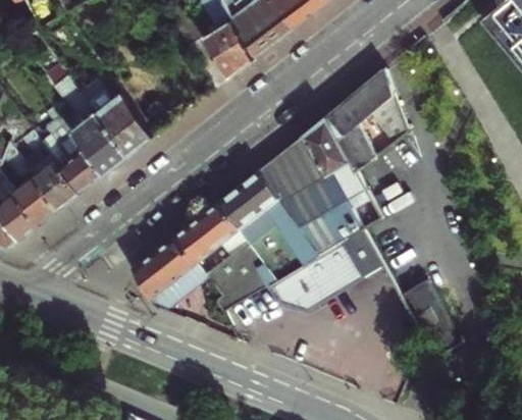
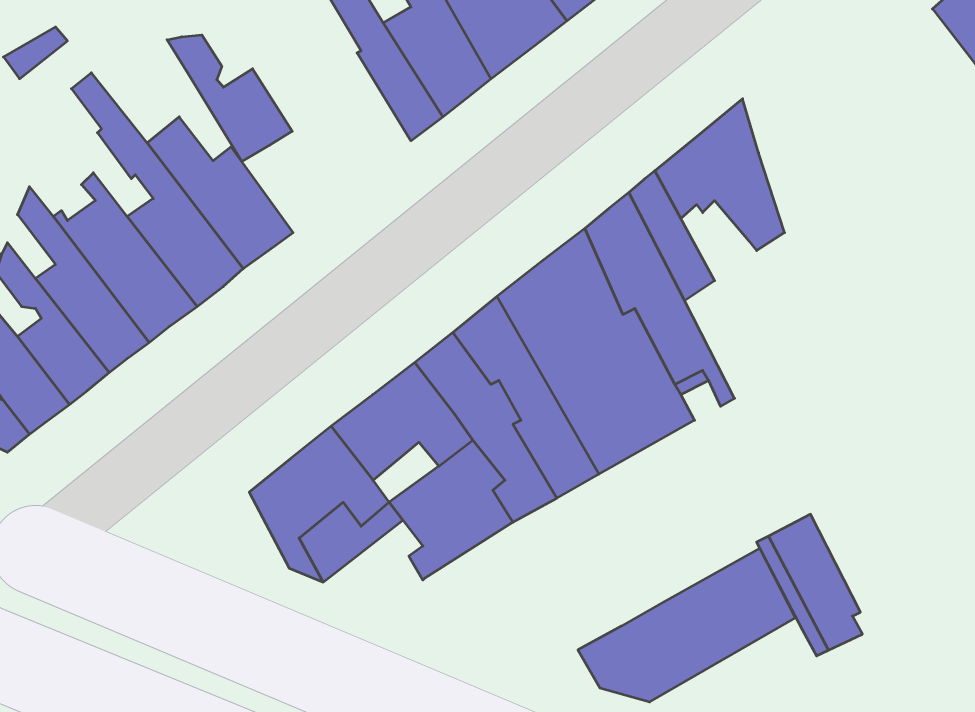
building: none -> [167,35,292,162]
building: [269,229,380,308] -> [578,548,796,702]

